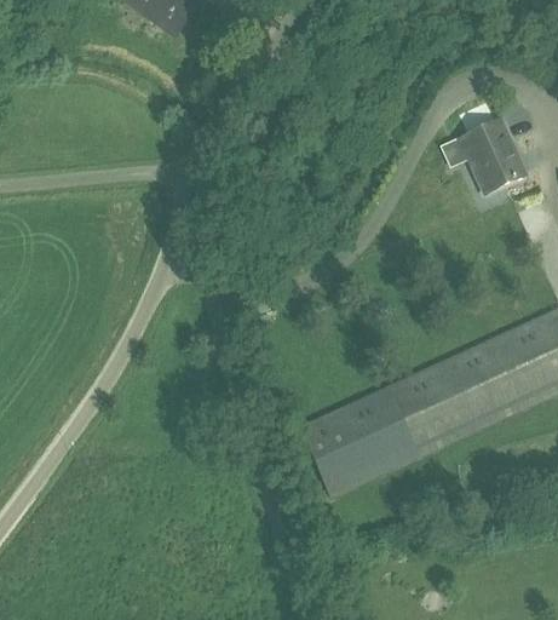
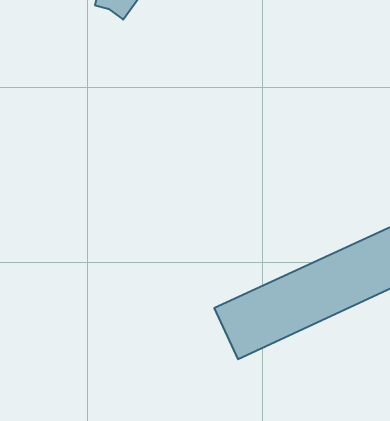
building: [453,120,524,193] -> none

